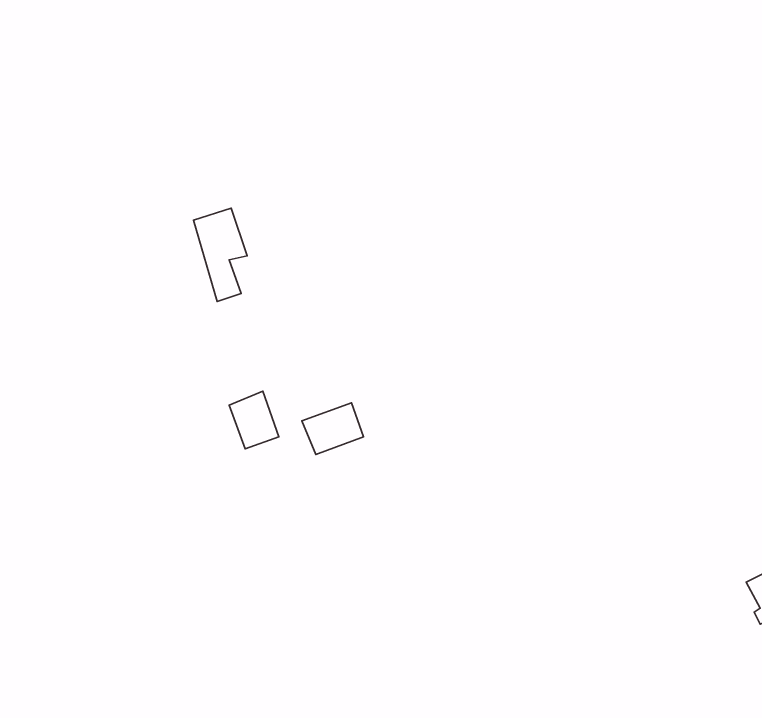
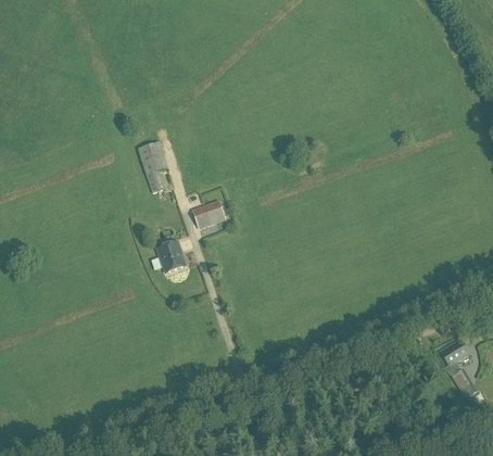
building: [302,403,363,455] -> [192,200,226,228]

